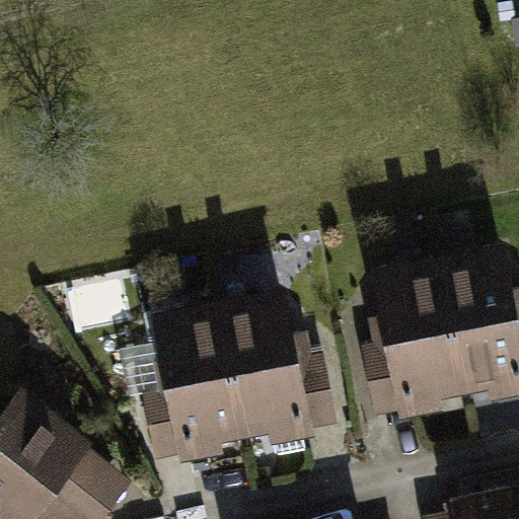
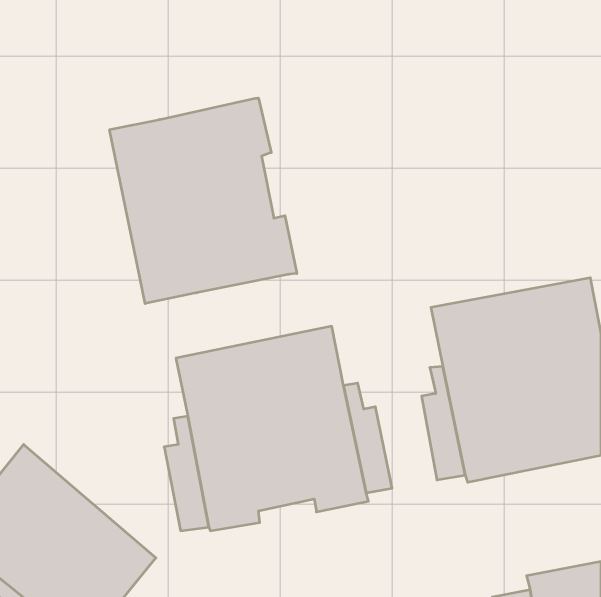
building: none -> [110,98,297,304]

